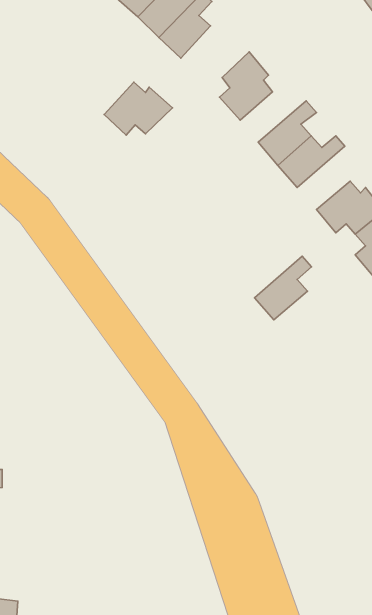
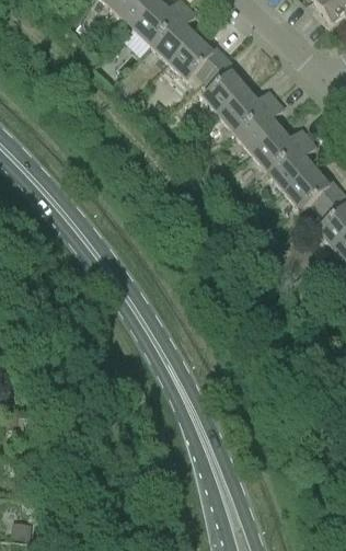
building: [104,82,173,135] -> [169,35,227,80]
building: none -> [219,90,275,134]
building: [254,256,311,320] -> [267,137,315,191]

